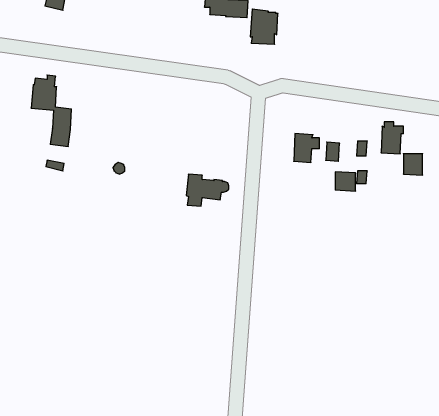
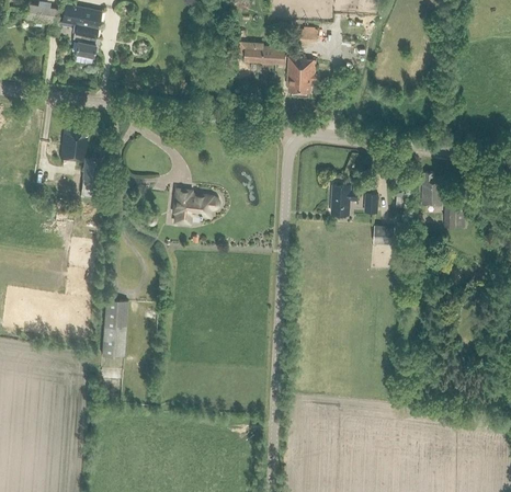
building: [186,174,229,206] -> [174,191,218,224]
building: none -> [102,300,128,358]

